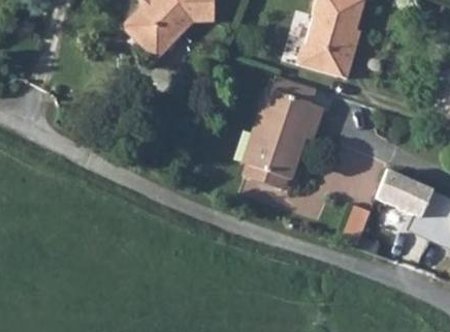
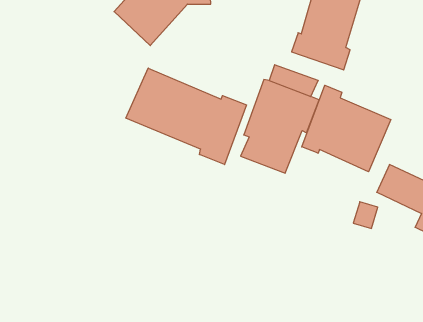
building: none -> [126,68,247,165]
building: none -> [302,85,391,172]

